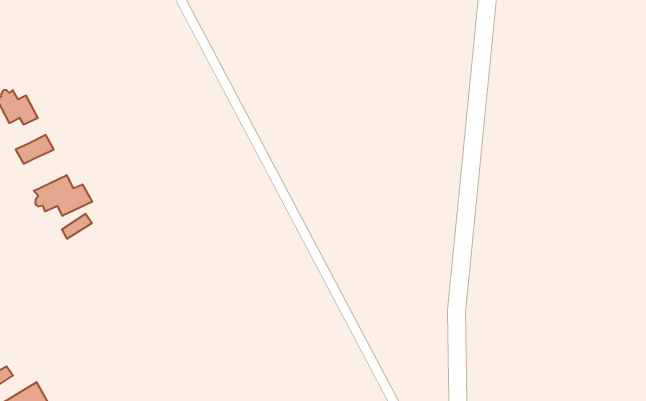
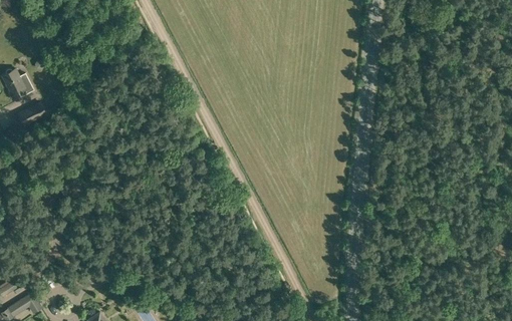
building: [34,175,92,216] -> none

